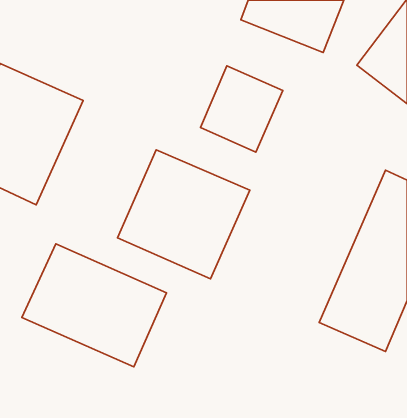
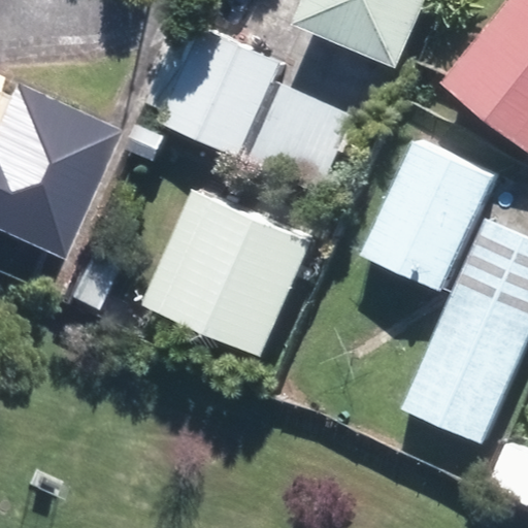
building: none -> [162,27,284,157]
building: none -> [364,140,492,290]
building: [22,244,166,367] -> none

